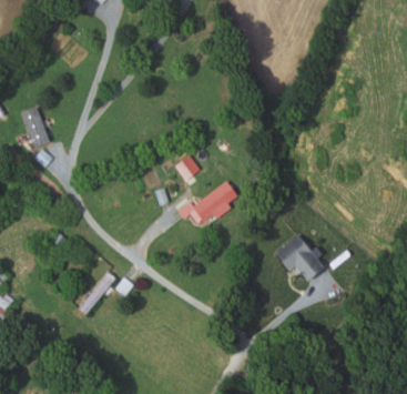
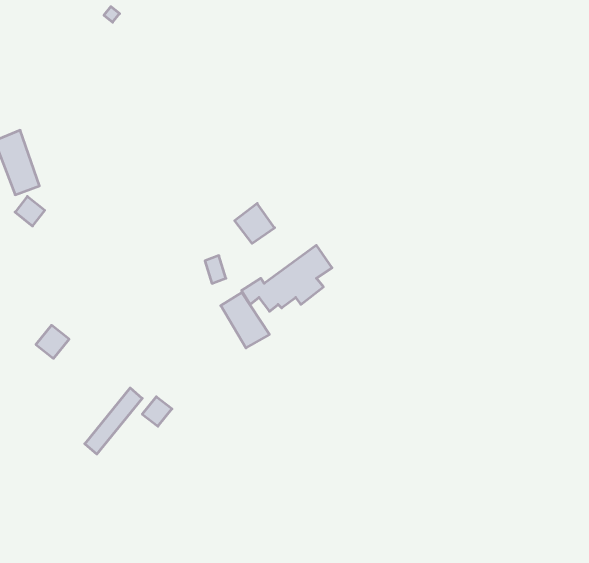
building: none -> [221,292,269,348]
building: [274,234,323,280] -> none

